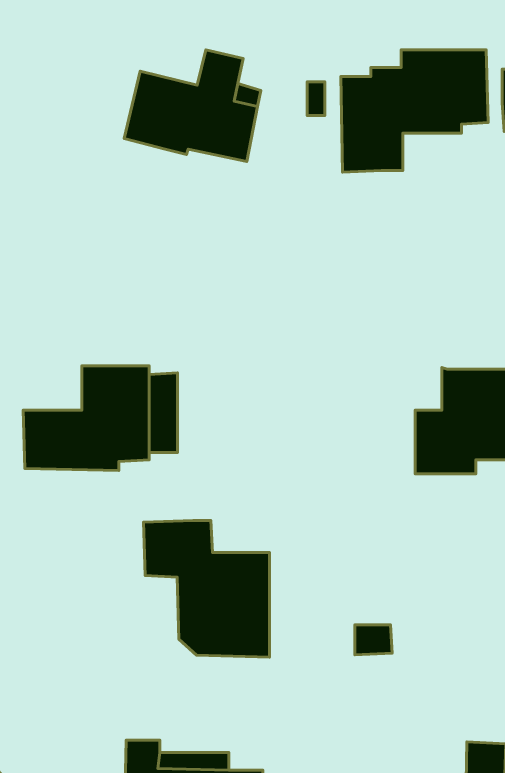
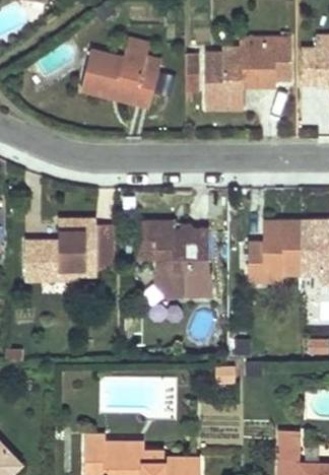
building: [143,520,269,657] -> [136,220,208,298]

